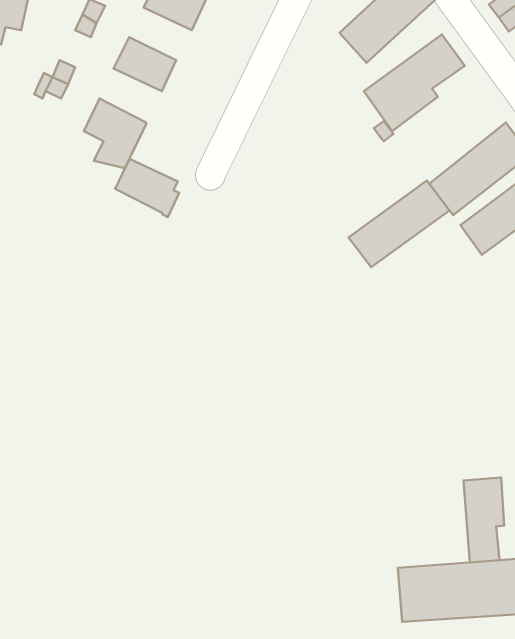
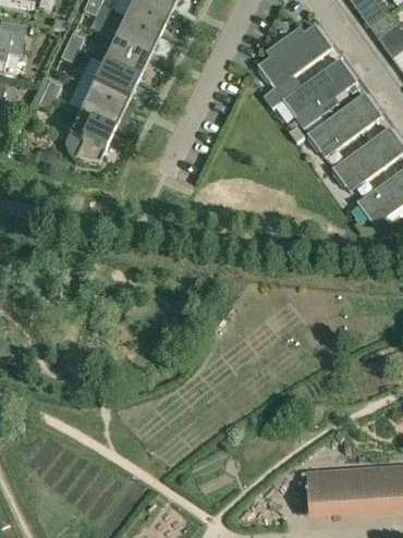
building: none -> [100,38,148,78]
building: [115,159,179,217] -> [77,85,126,130]
building: [349,181,449,267] -> [305,94,382,160]
building: [464,477,504,562] -> none

